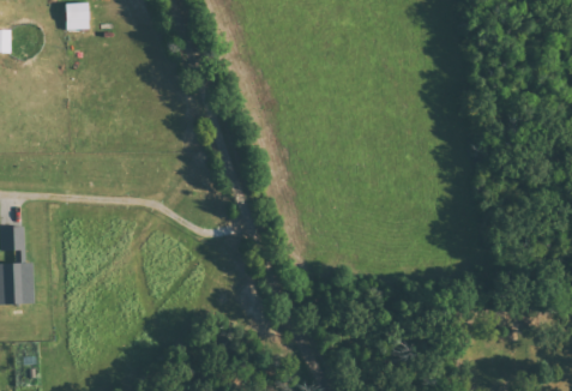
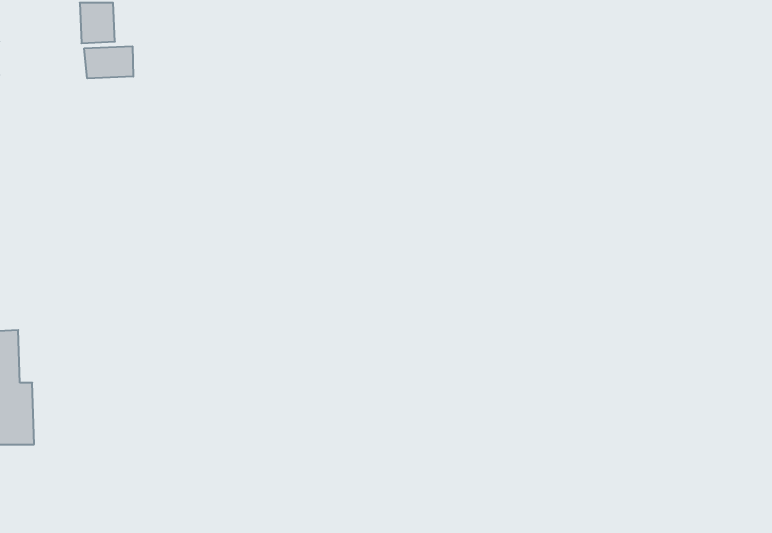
building: none -> [84,46,133,78]

